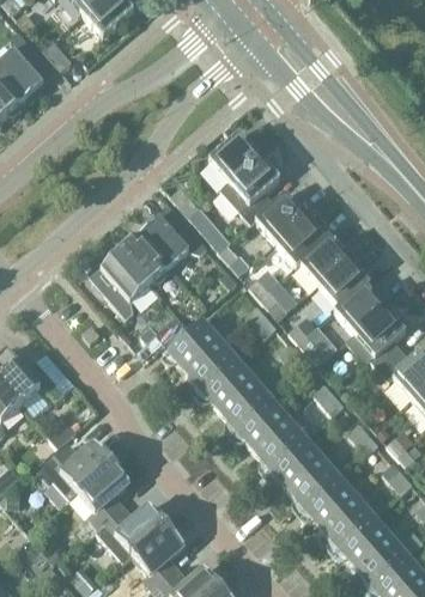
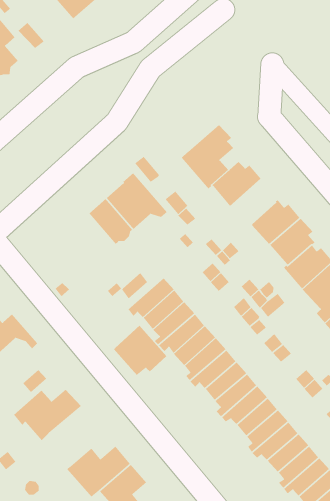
building: [210,132,265,182] -> none
building: [277,212,327,266] -> none
building: [102,250,151,319] -> none
building: none -> [113,325,167,376]
building: [78,462,130,528] -> none

